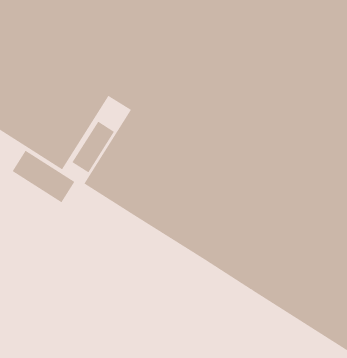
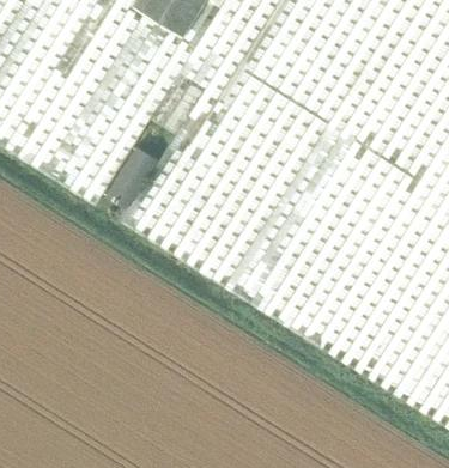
building: [12,150,75,203] -> none

